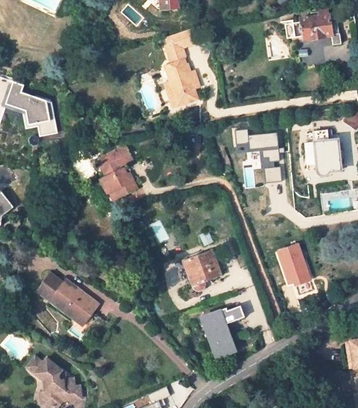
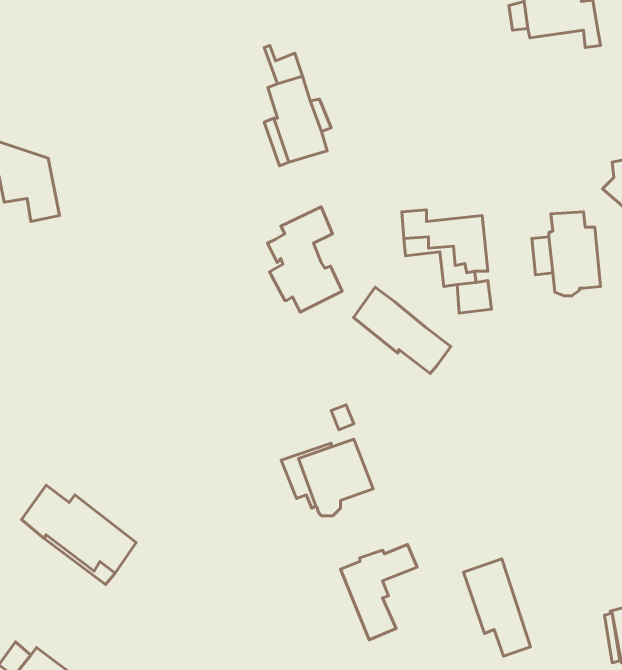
building: [165,30,194,52] -> none
building: [98,146,137,201] -> [268,207,342,312]
building: none -> [354,287,451,373]
building: [279,245,314,296] -> [463,559,530,656]

